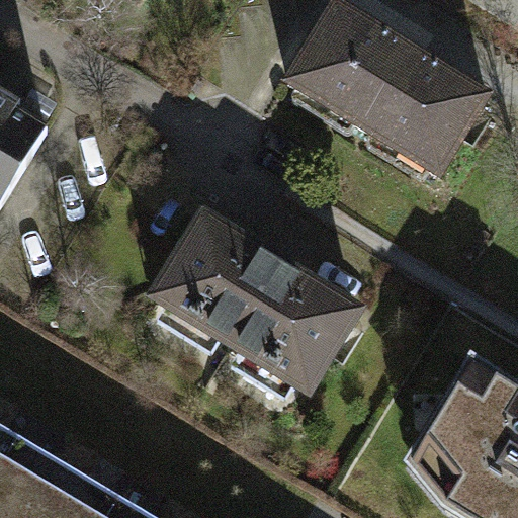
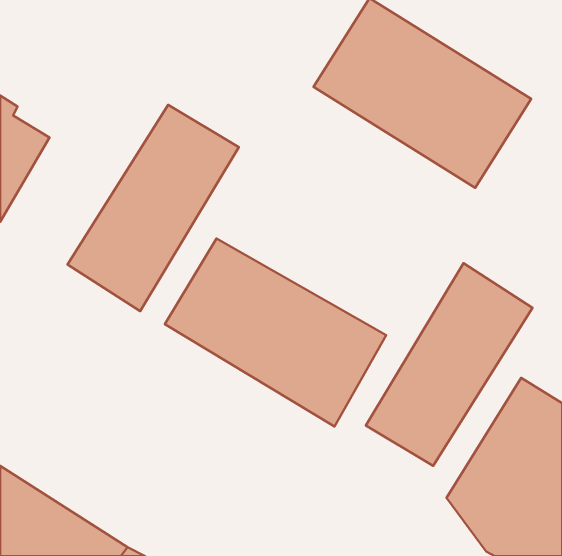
building: none -> [68,105,239,311]
building: none -> [366,263,532,466]

